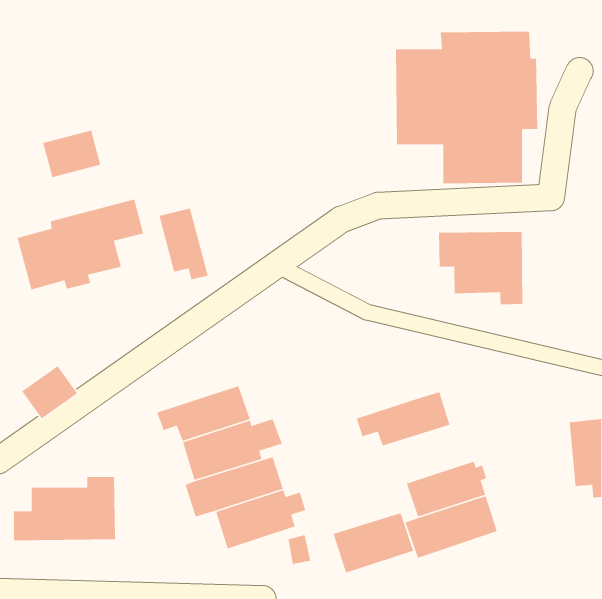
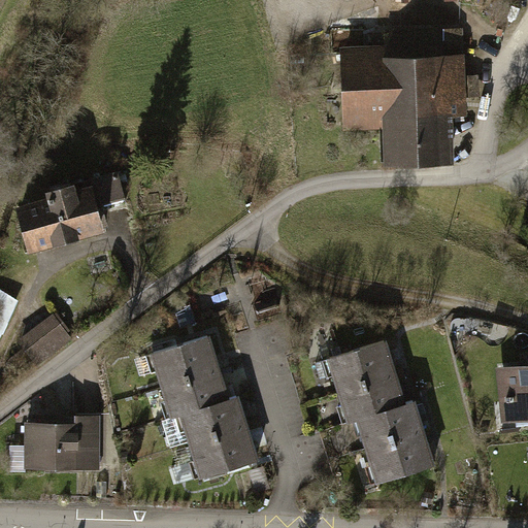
building: [42,130,101,178] -> none
building: [159,208,209,280] -> none
building: [438,231,523,305] -> none
building: [333,512,414,574] -> [333,371,404,425]

